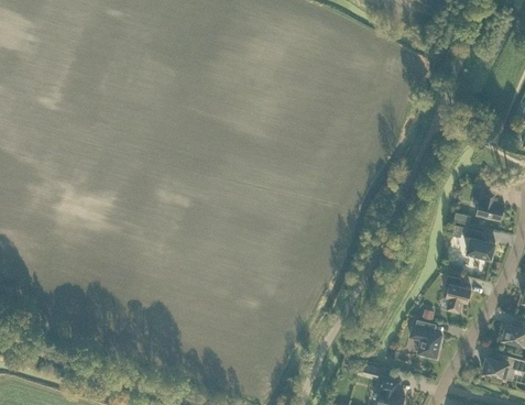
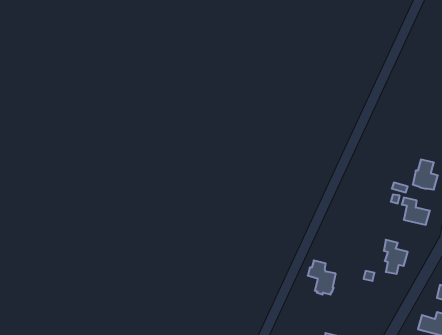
building: [411,321,441,359] -> [308,260,336,295]

